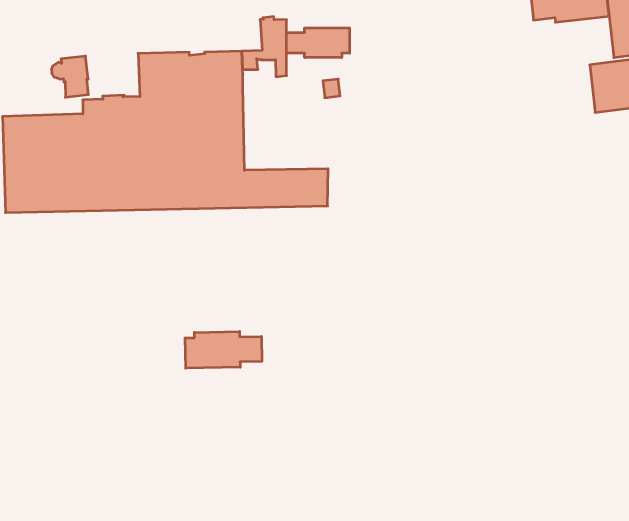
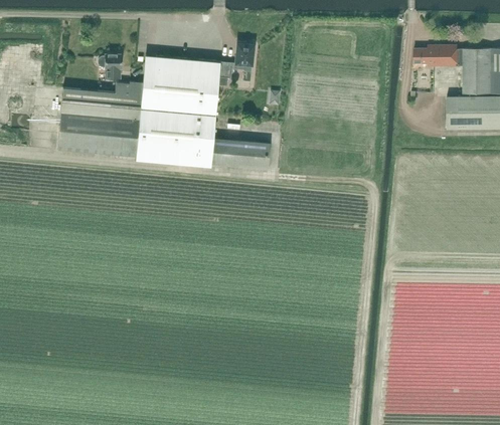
building: [287,28,350,58] -> none
building: [185,331,262,368] -> none

